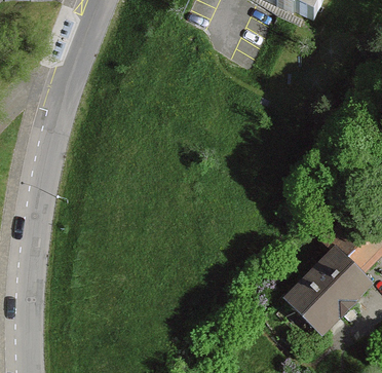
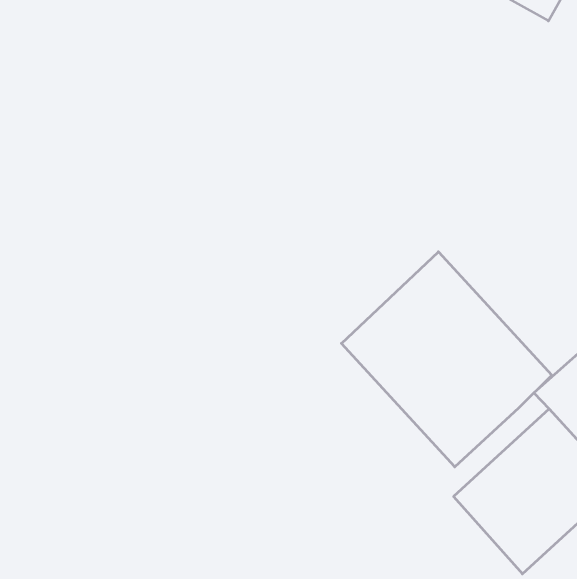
building: none -> [341,252,552,467]

